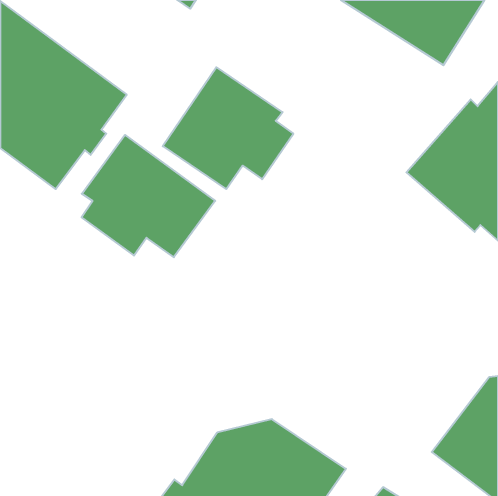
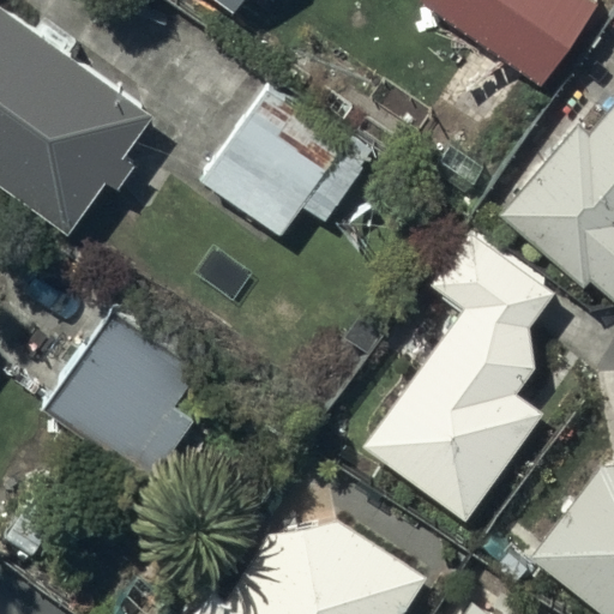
building: [82,135,215,257] -> none
building: none -> [365,229,555,520]
building: none -> [42,308,204,486]

